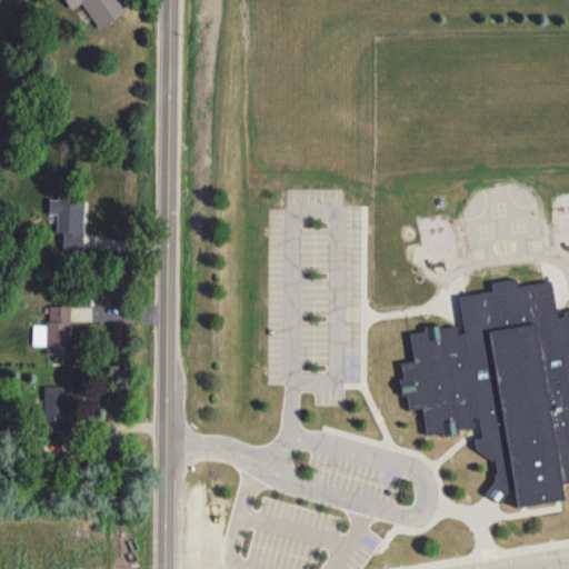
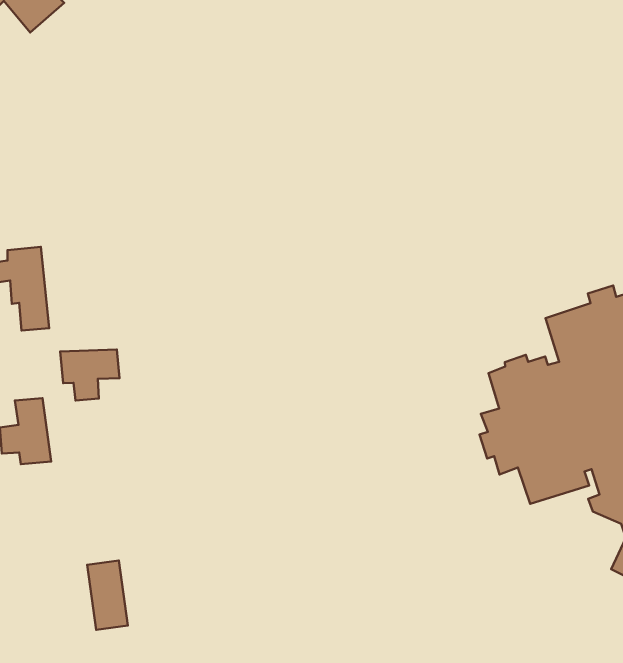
building: none -> [60,350,120,401]
building: [43,385,68,435] -> [87,560,128,630]

